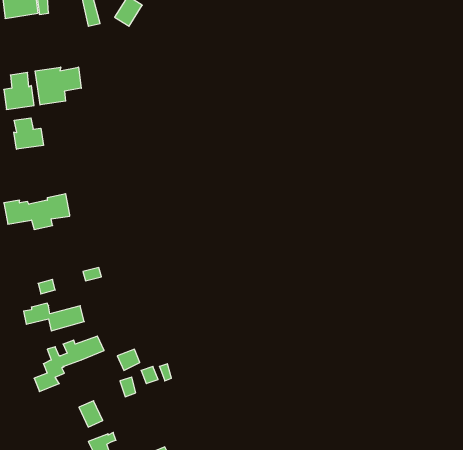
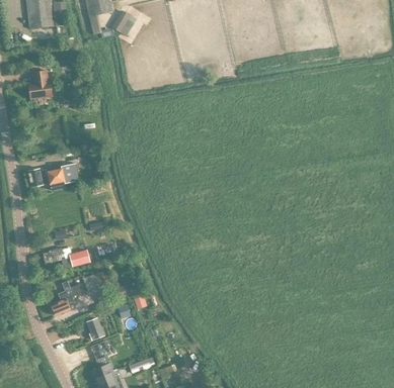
building: [35,67,81,105] -> none
building: [14,118,43,149] -> none

